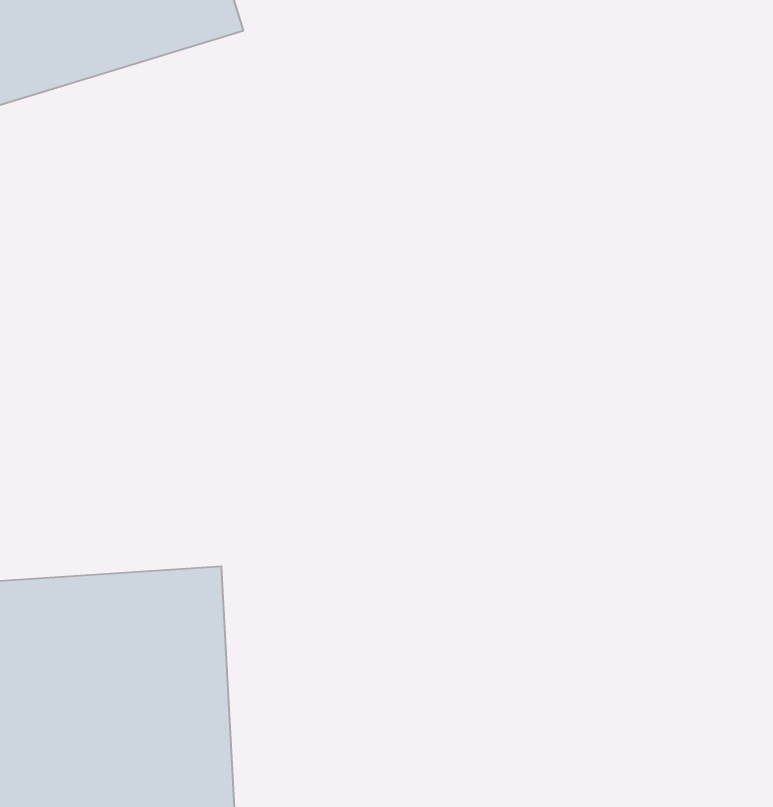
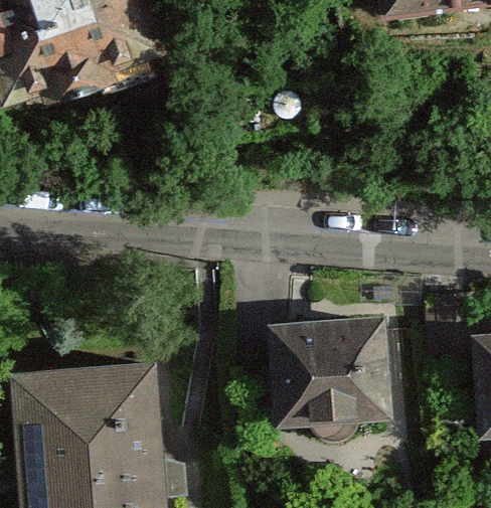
building: none -> [277,315,392,417]

